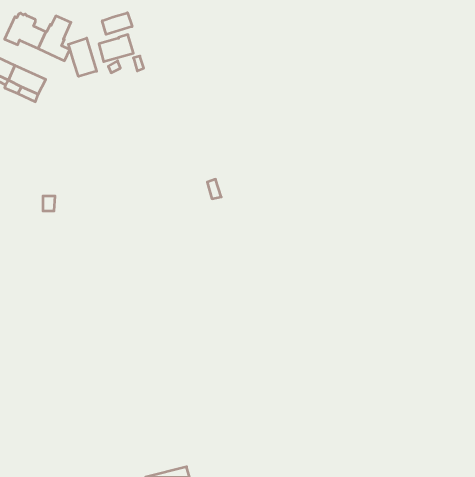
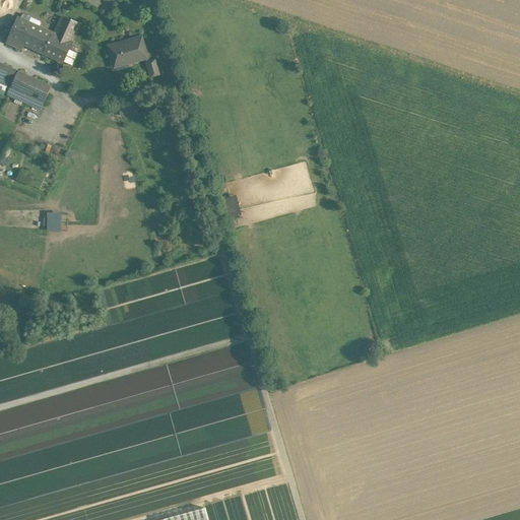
building: [102,13,132,34] -> none
building: [68,38,97,76] -> none

